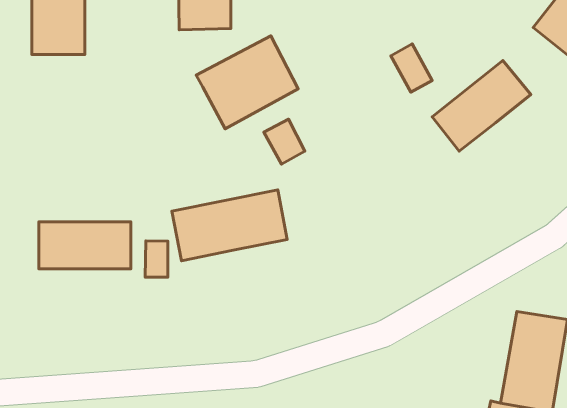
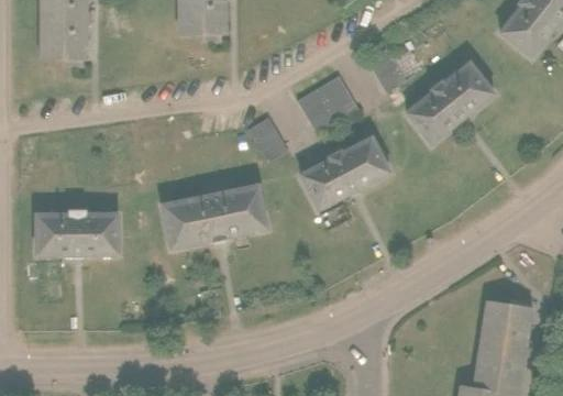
building: [196,36,298,129] -> none
building: none -> [300,75,360,130]
building: none -> [302,136,396,213]
building: [145,241,168,277] -> none

